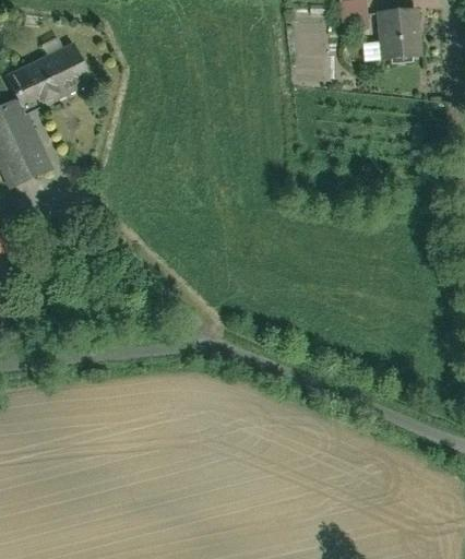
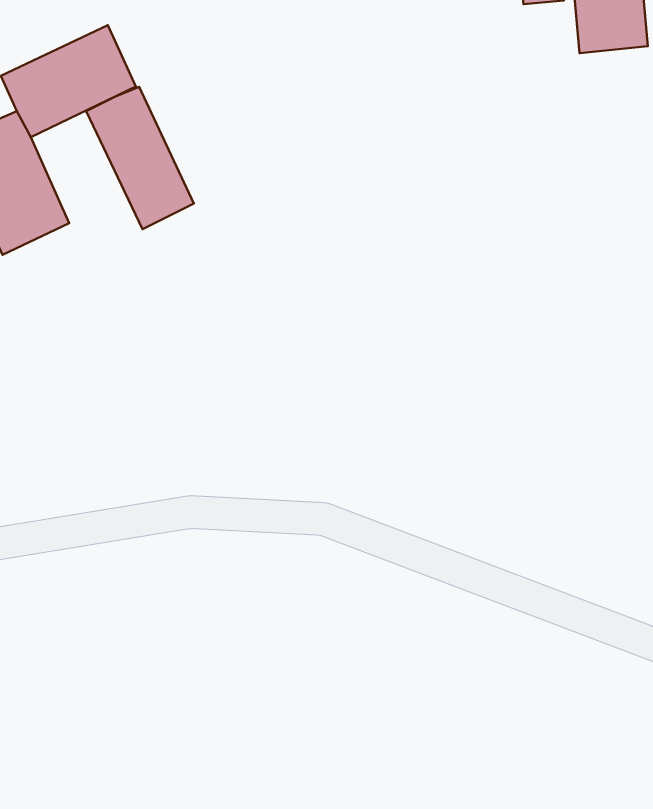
building: none -> [86,87,194,229]

